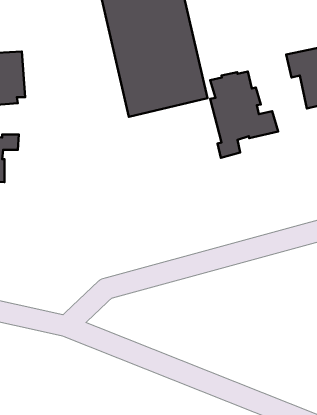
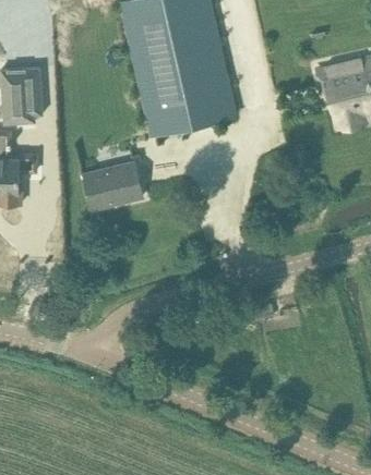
building: [210,71,278,158] -> none
building: none -> [83,162,142,208]

